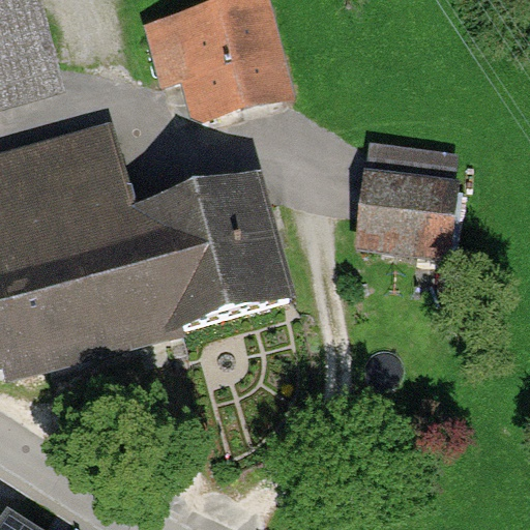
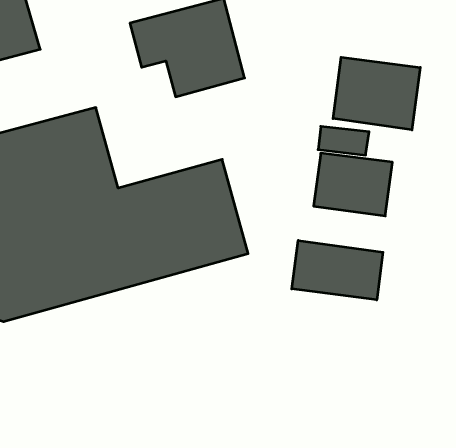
building: none -> [333,57,420,130]
building: none -> [292,240,383,300]

